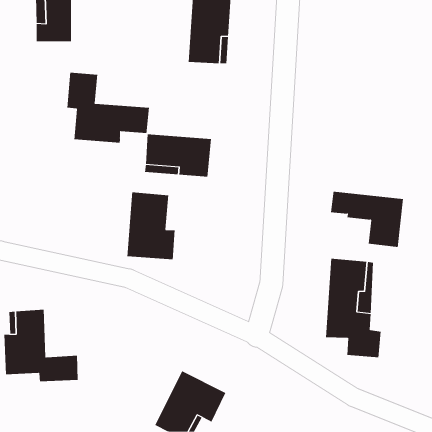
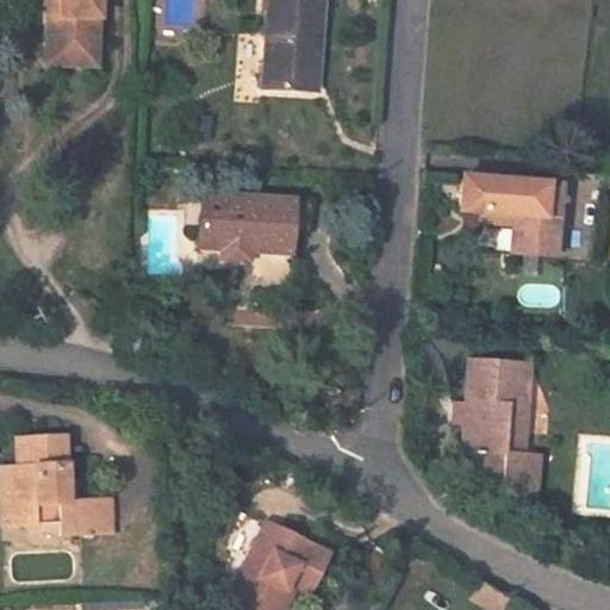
building: [67,72,150,144] -> none
building: [330,191,404,247] -> [459,175,561,254]
building: [127,191,175,260] -> none

